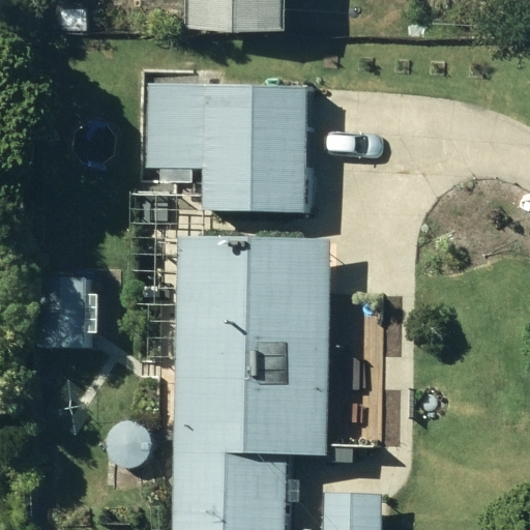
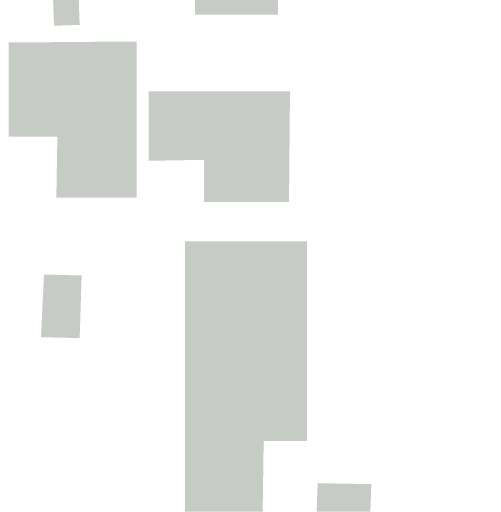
building: none -> [8,41,137,199]

